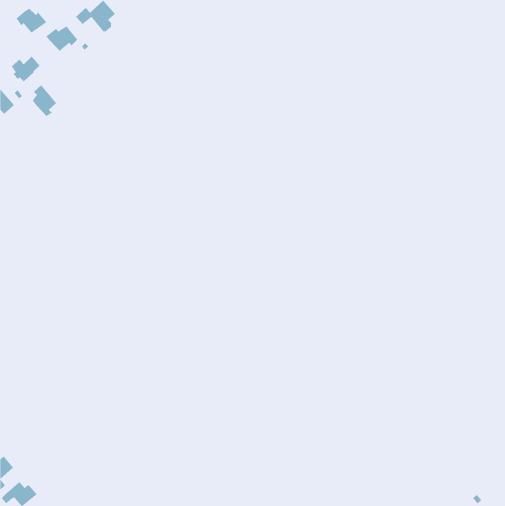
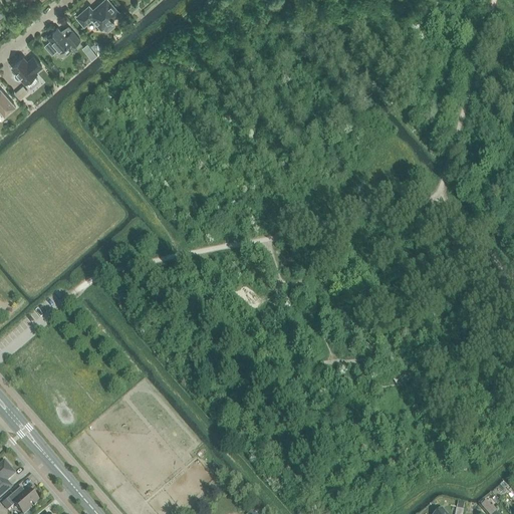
building: [16,8,47,34] -> none
building: [32,85,57,117] -> none

